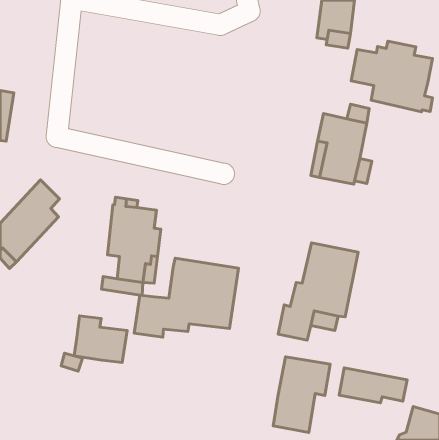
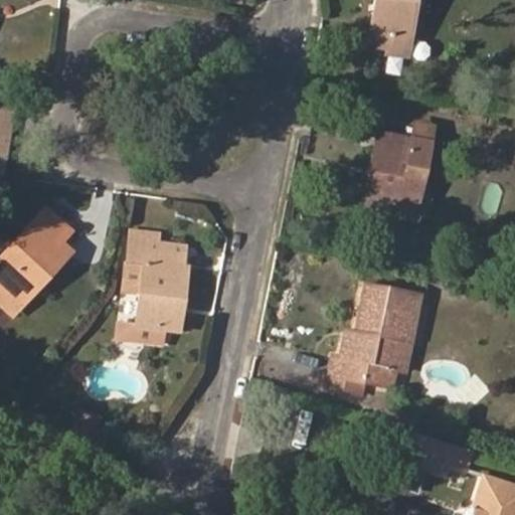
building: [351,41,433,112] -> none
building: [134,258,239,337] -> none
building: [74,316,127,362] -> none
building: [273,357,330,433] -> none

